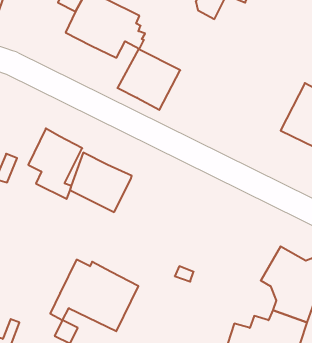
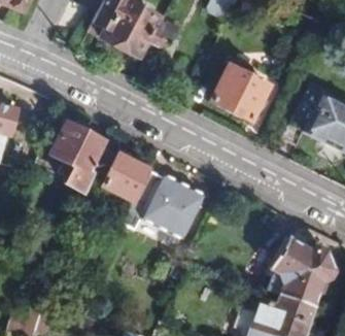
building: [117,49,180,110] -> [210,64,269,121]
building: [50,260,138,331] -> [126,170,208,237]

